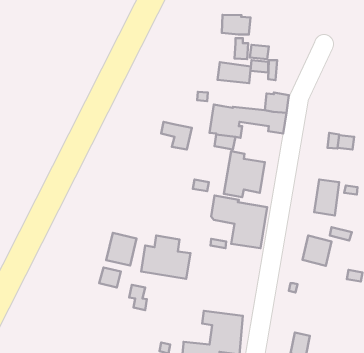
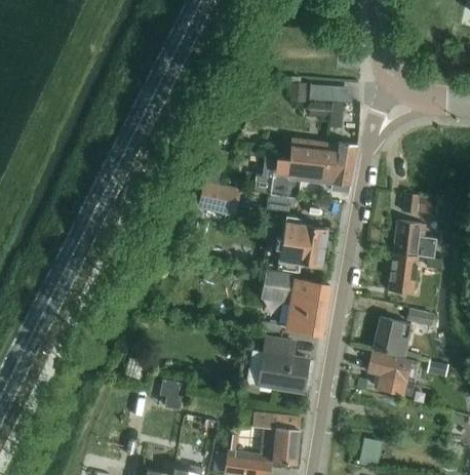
building: [222,15,251,35] -> none
building: [217,62,251,83] -> [288,140,329,165]
building: none -> [394,221,427,253]
building: [106,233,137,266] -> none
building: [141,235,190,279] -> [248,338,309,391]
building: none -> [368,353,419,394]

